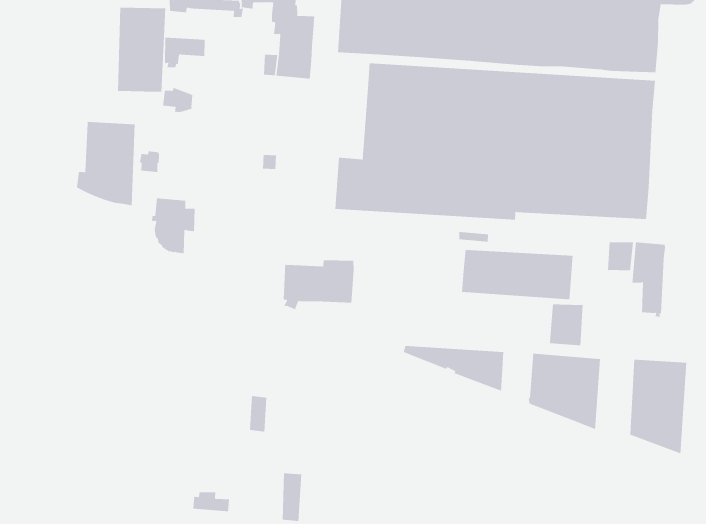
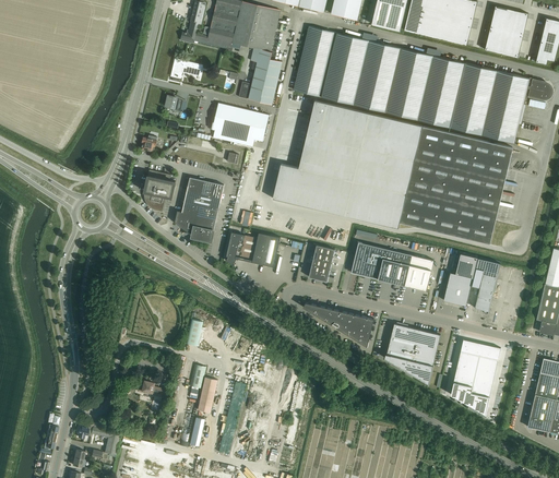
building: [117,7,166,92] -> none
building: none -> [213,105,266,145]
building: [76,122,136,206] -> [174,177,223,241]
building: none -> [308,244,334,280]
building: [549,304,583,346] -> [443,273,472,306]

